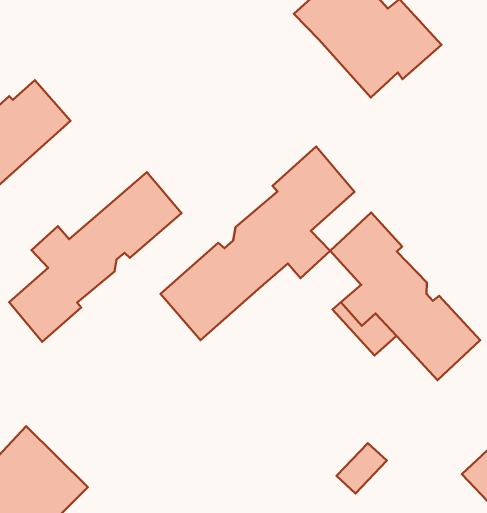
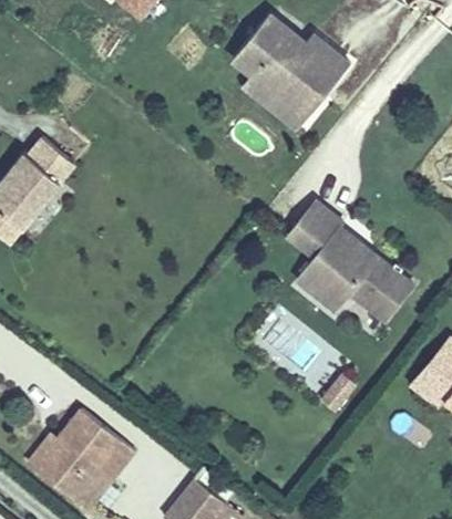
building: none -> [243,76,321,129]
building: [160,147,355,340] -> none
building: [9,172,181,342] -> none

